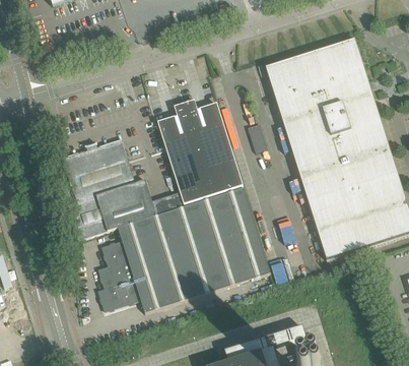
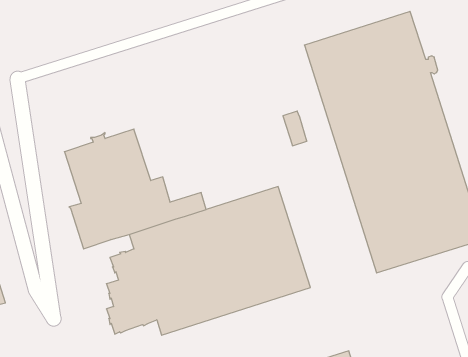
building: [157,99,243,203] -> none

